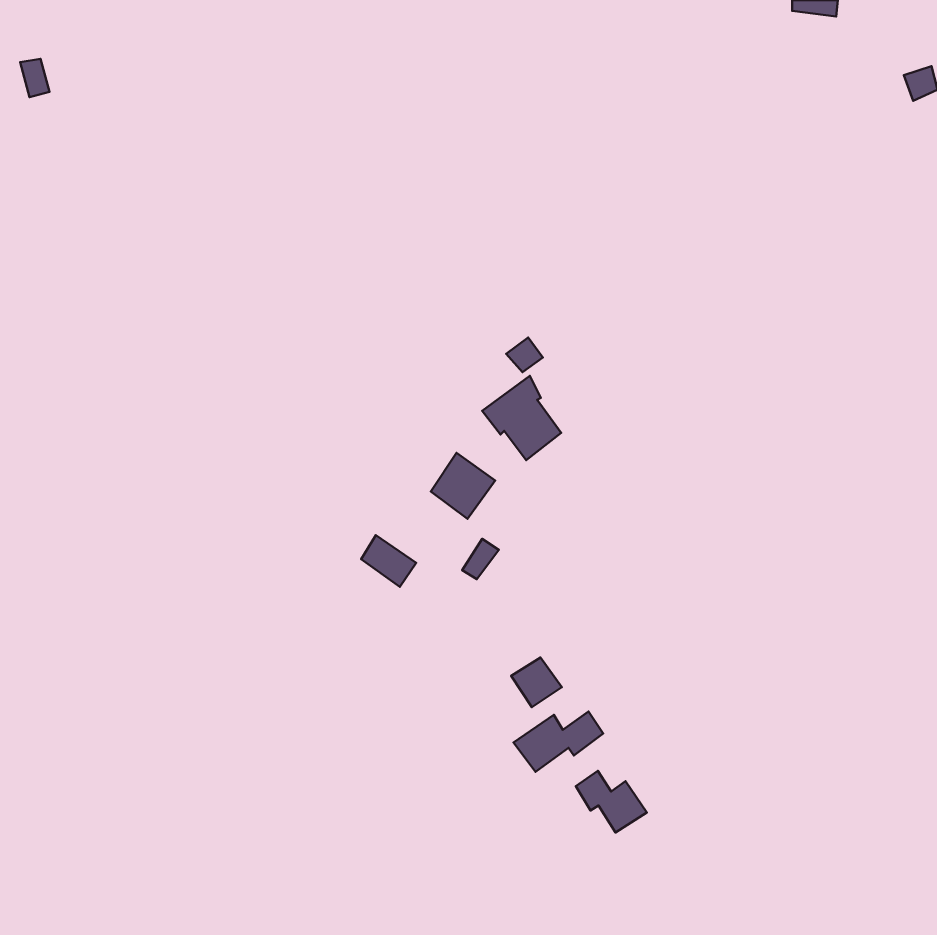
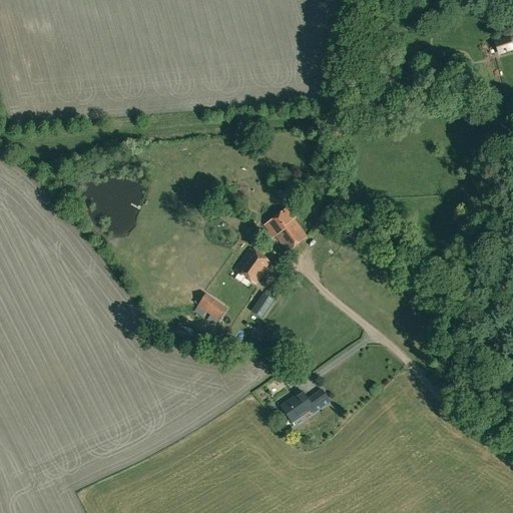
building: [511,657,562,707] -> none
building: [576,771,647,832] -> none

